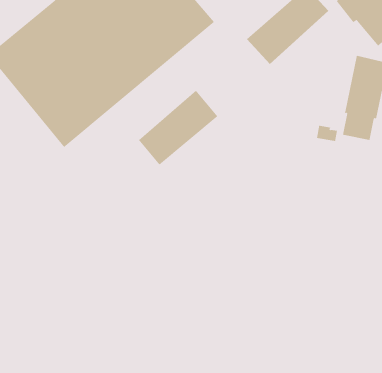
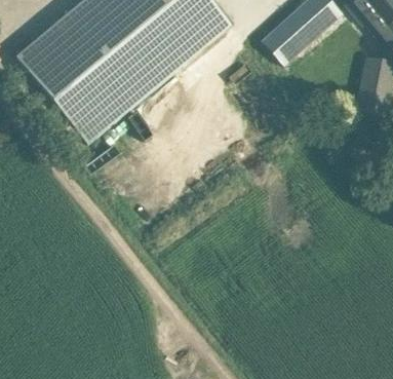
building: [138,90,218,165] -> none

